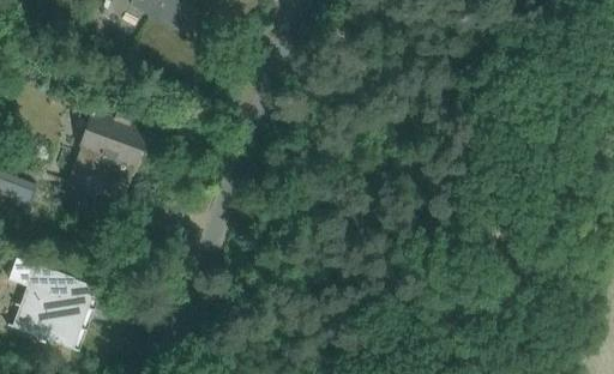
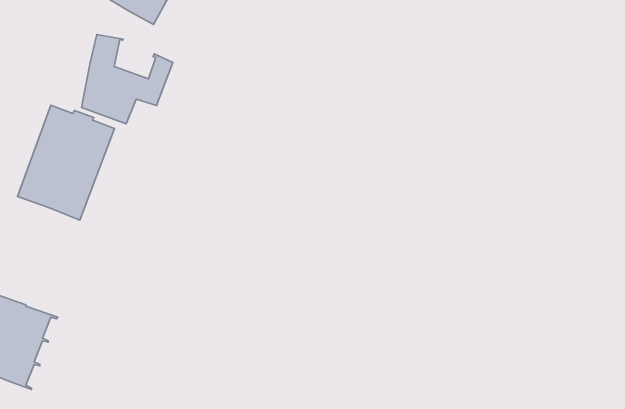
building: none -> [82,34,173,124]

